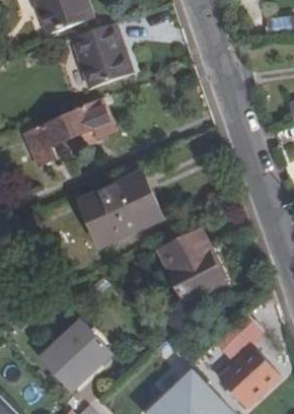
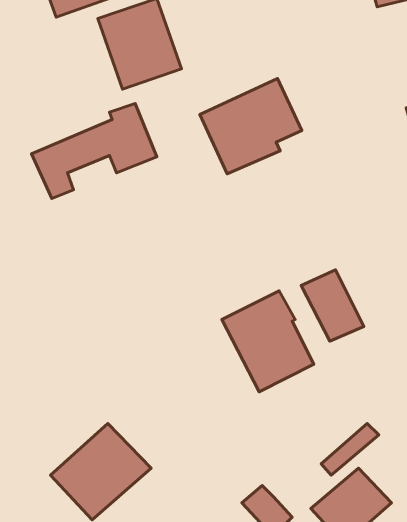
building: [82,174,154,240] -> [200,79,302,174]
building: none -> [301,270,364,341]

